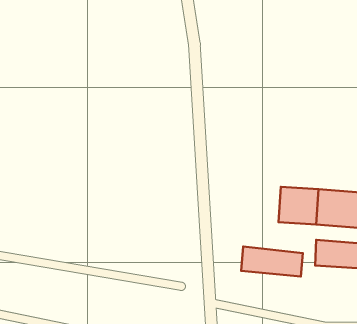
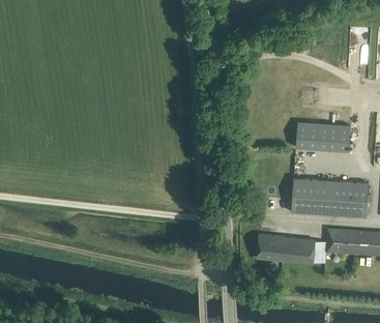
building: none -> [293,122,348,151]

